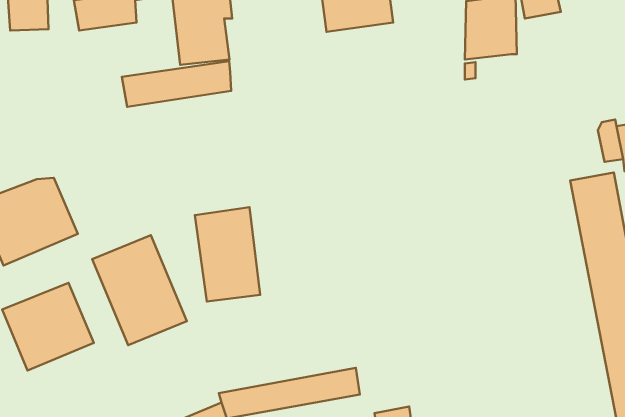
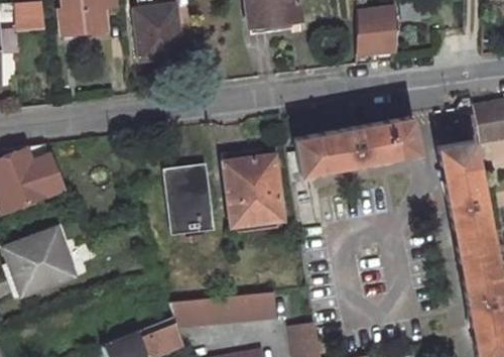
building: [122,61,231,107] -> none
building: none -> [296,117,419,173]
building: none -> [226,156,286,227]
building: [92,235,187,345] -> none

